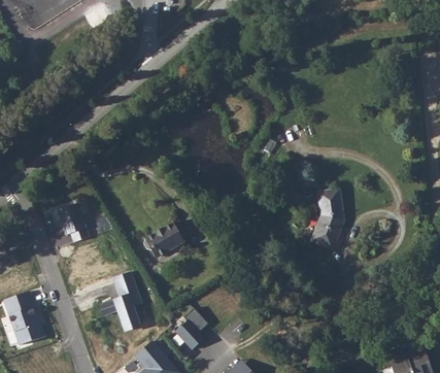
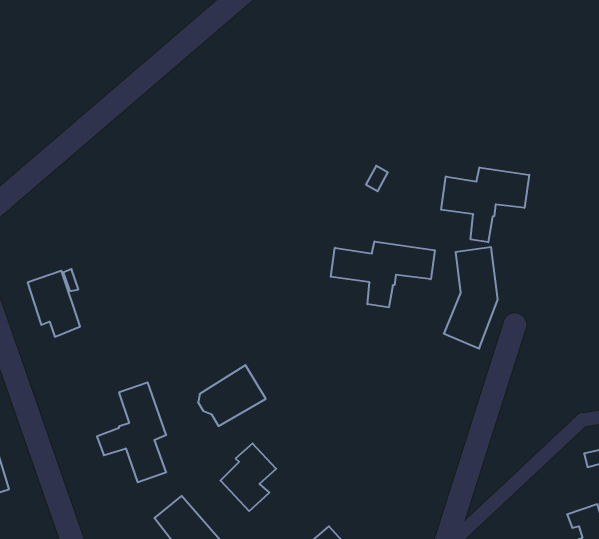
building: none -> [441,167,529,242]
building: none -> [331,241,435,307]
building: [143,222,184,259] -> [198,365,266,426]

